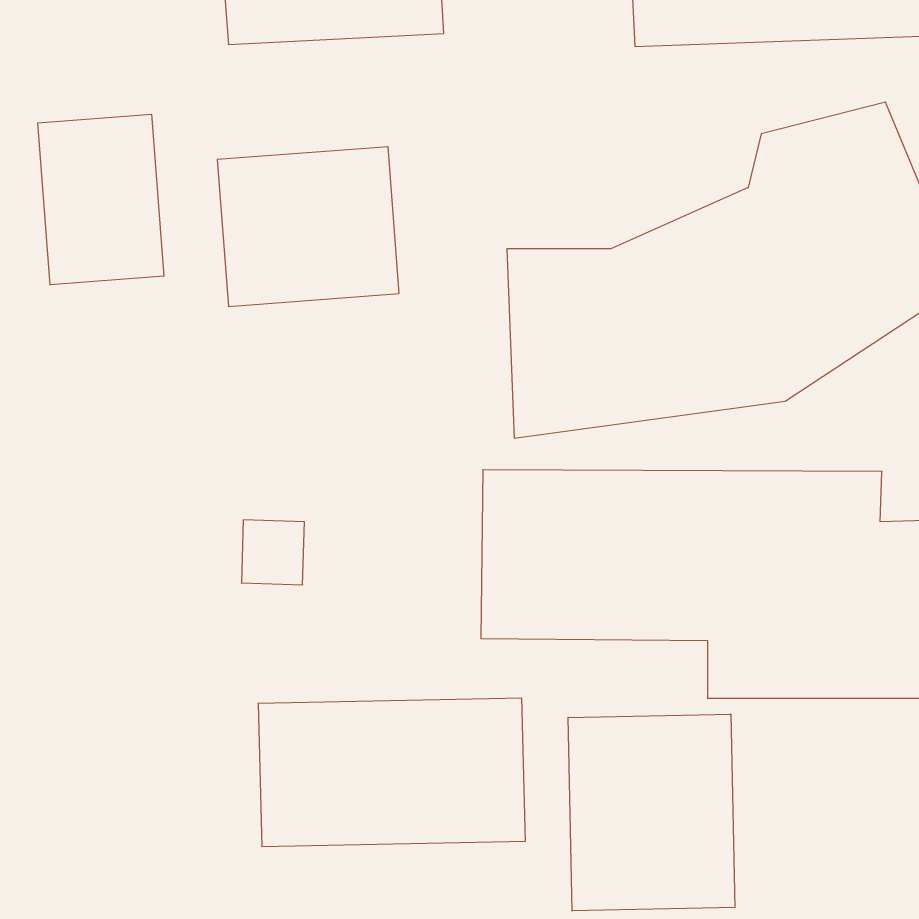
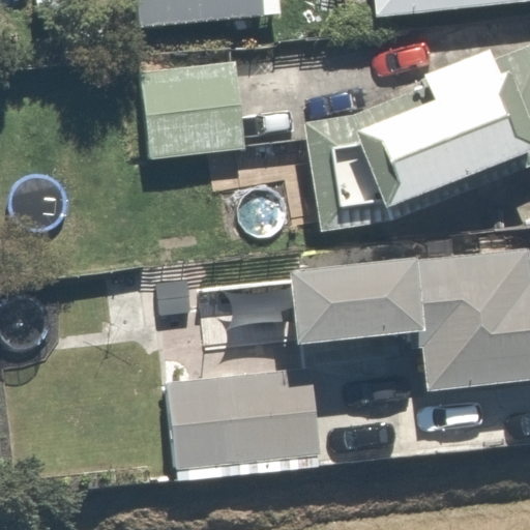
building: [38,114,164,285] -> none
building: [568,714,735,911] -> none

